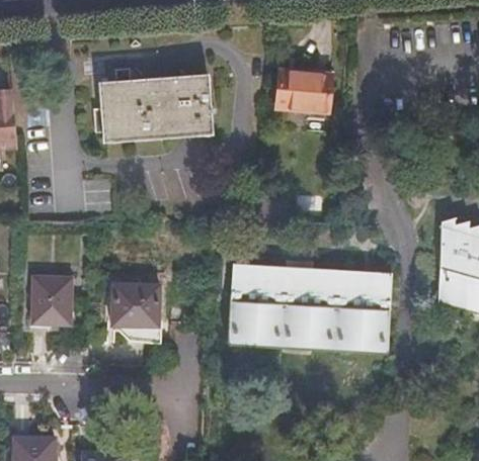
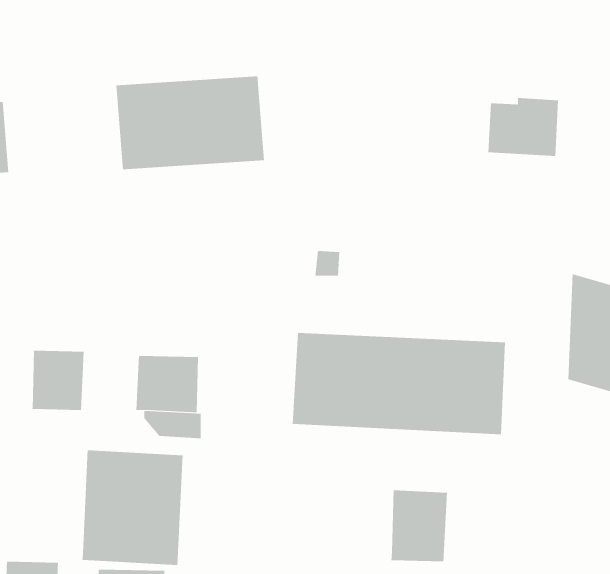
building: [276,66,330,110] -> [488,97,559,156]
building: none -> [82,450,183,566]
building: none -> [391,490,448,562]

